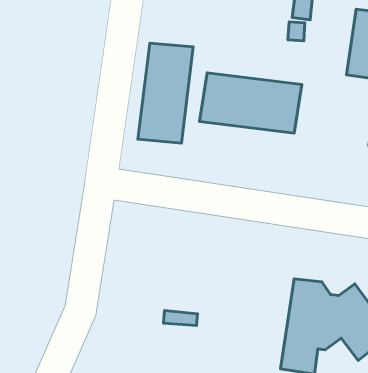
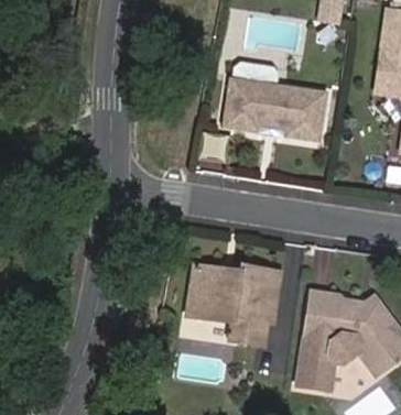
building: [138,43,193,143] -> none
building: none -> [198,266,290,345]

